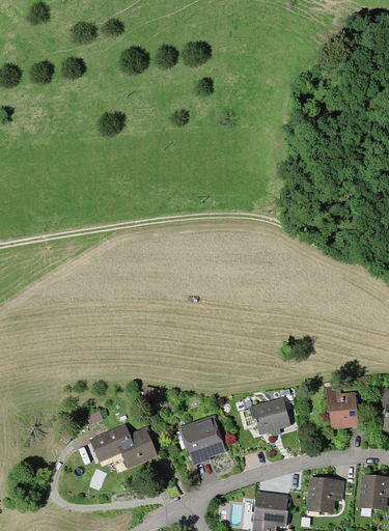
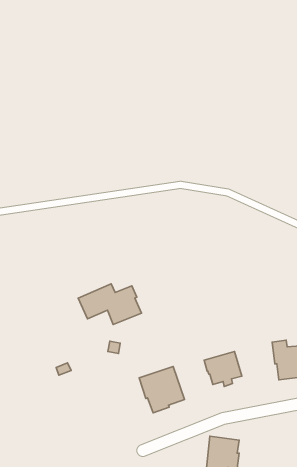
building: [88,424,158,469] -> [78,284,141,324]
building: [305,477,343,513] -> none

